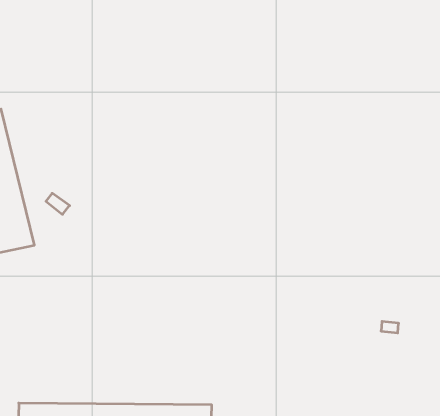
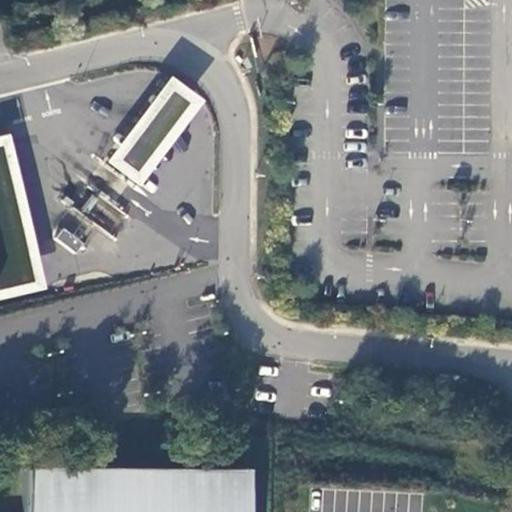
building: none -> [109,76,204,184]

